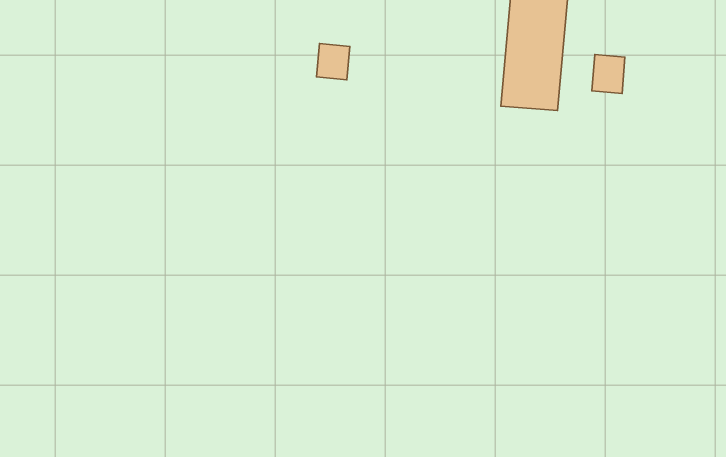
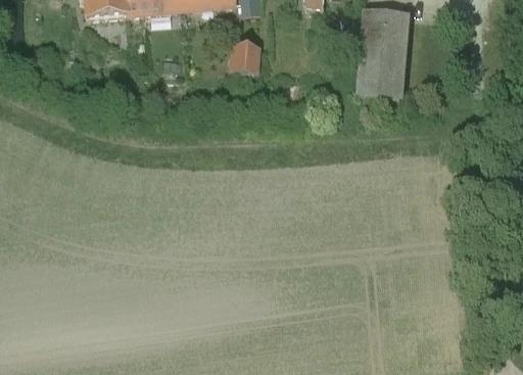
building: [592,55,625,93] -> none

